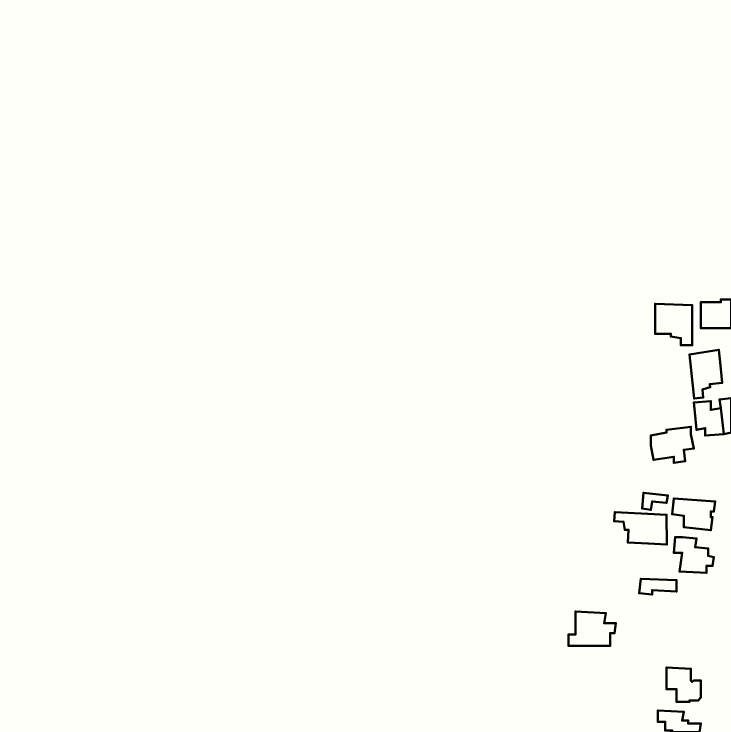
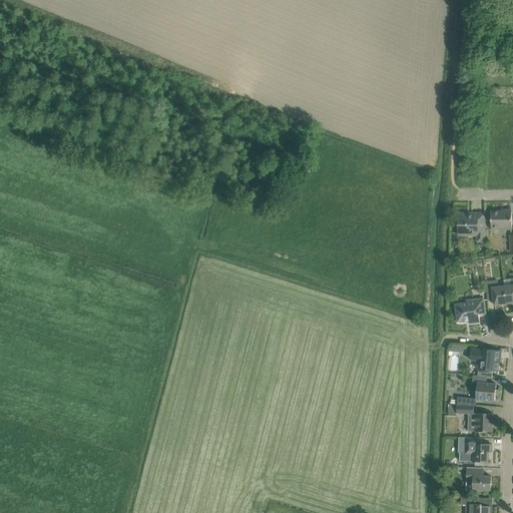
building: [690,350,722,398] -> none
building: [614,512,667,545] -> none
building: none -> [467,413,492,432]
building: [568,612,616,646] -> [459,437,492,461]

